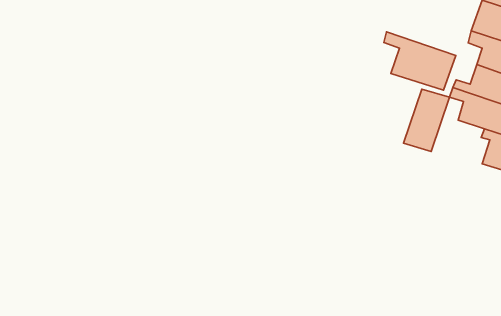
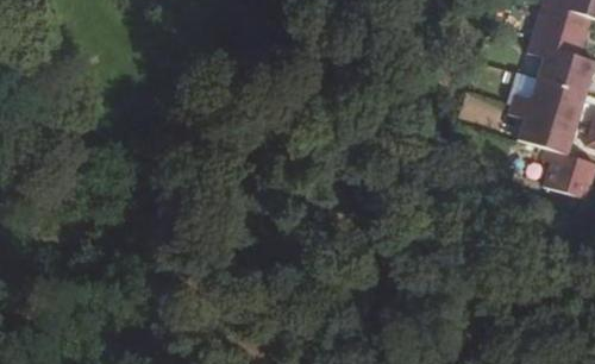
building: [384,32,456,90] -> none
building: [404,89,449,151] -> none

